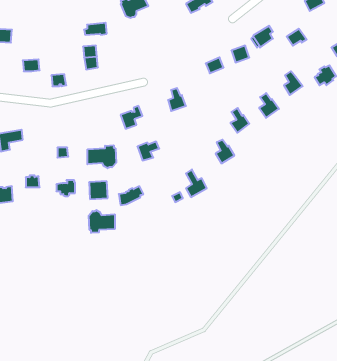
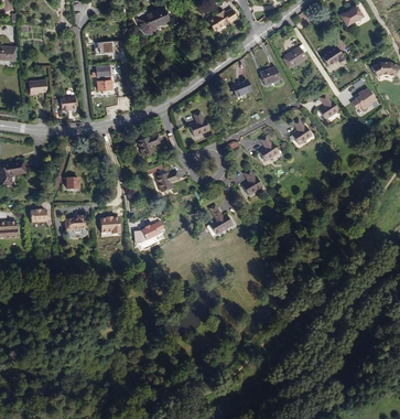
building: [87,145,116,168] -> none
building: [89,210,115,233] -> none

